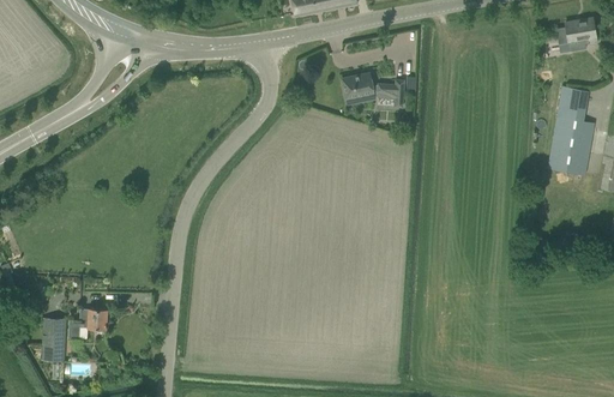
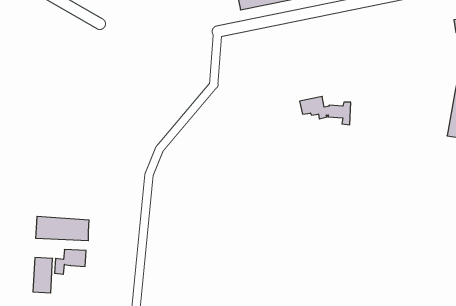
building: [342,72,404,107] -> [300,96,351,125]
building: none -> [36,216,89,241]

